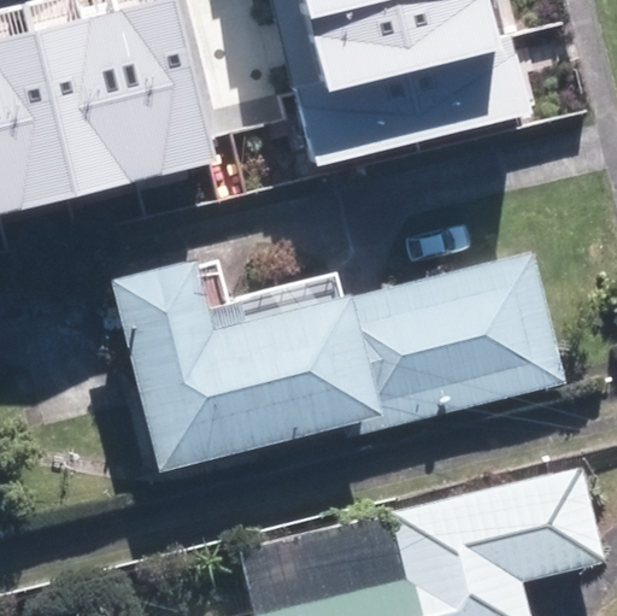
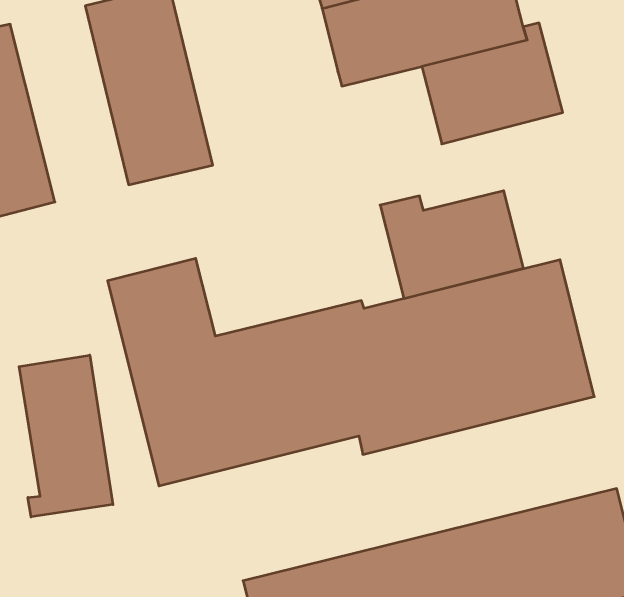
building: [27,19,135,199] -> none
building: [290,75,422,174] -> [380,191,523,299]
building: none -> [19,355,113,517]

